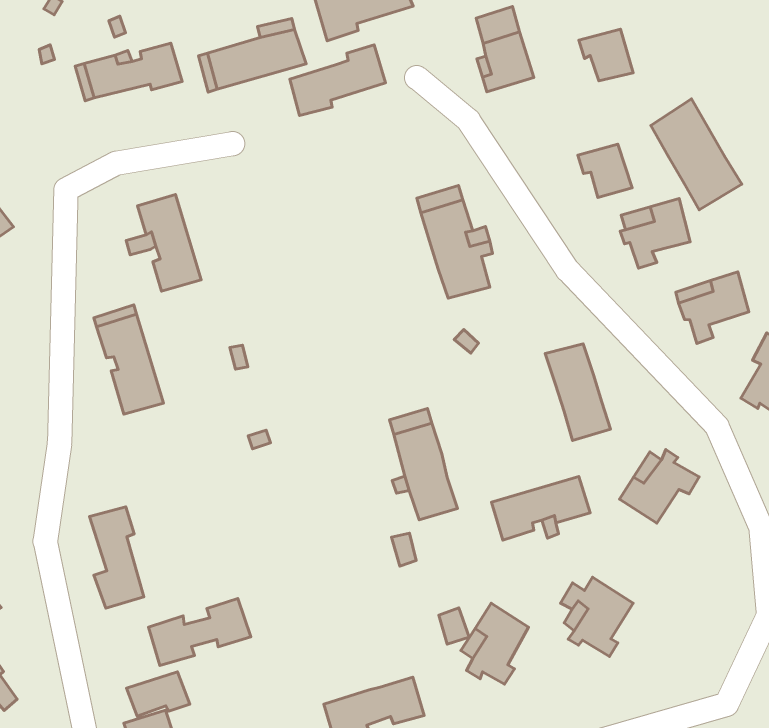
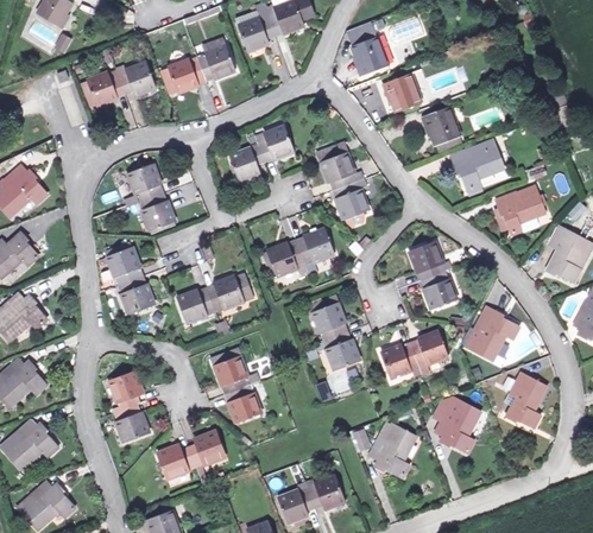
building: [579,29,633,81] -> [384,76,422,112]
building: [290,45,385,115] -> [228,127,292,178]
building: [651,99,742,210] -> none
building: none -> [266,229,332,275]
building: none -> [177,274,254,324]
building: none -> [215,356,261,423]
building: none -> [504,375,544,427]
building: [127,672,190,716] -> none

